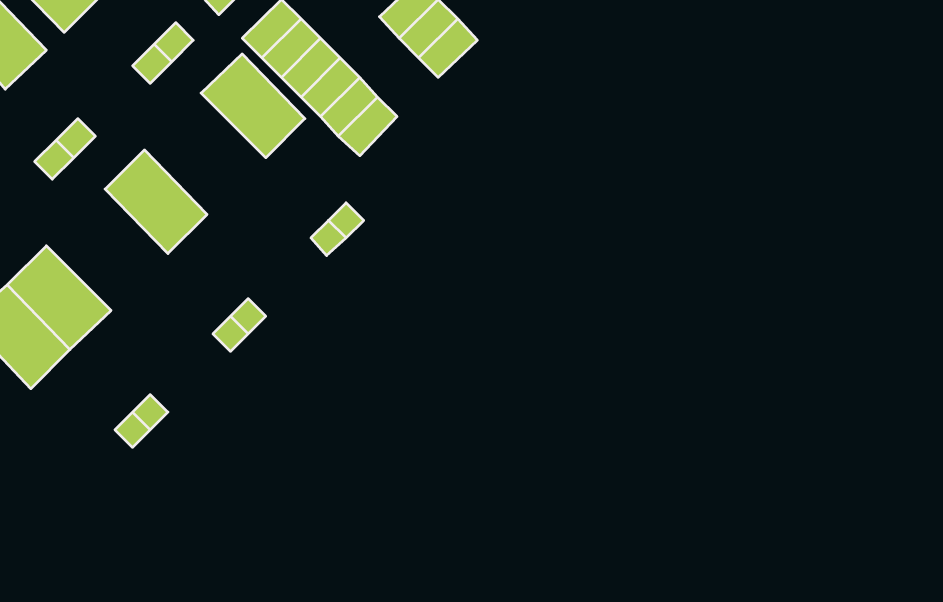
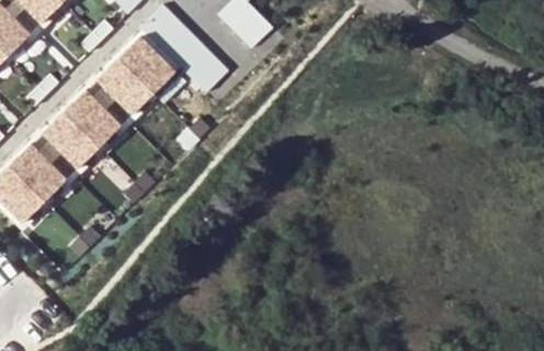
building: none -> [97,57,155,115]
building: none -> [42,111,100,169]

